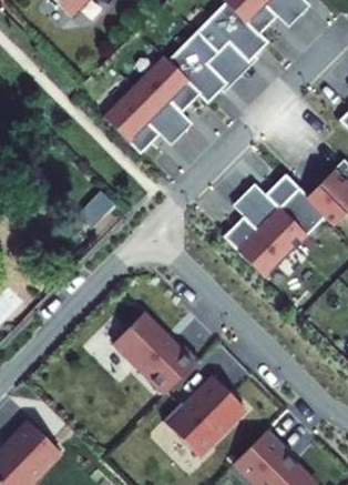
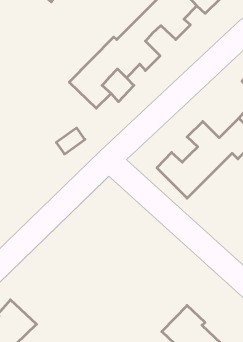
building: [206,44,257,95] -> none
building: [232,184,277,230] -> none
building: [108,309,194,391] -> none
building: [160,370,242,451] -> none

